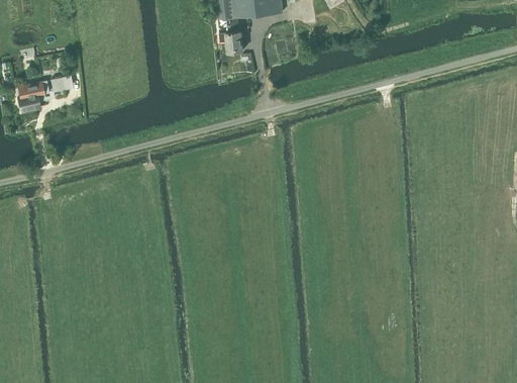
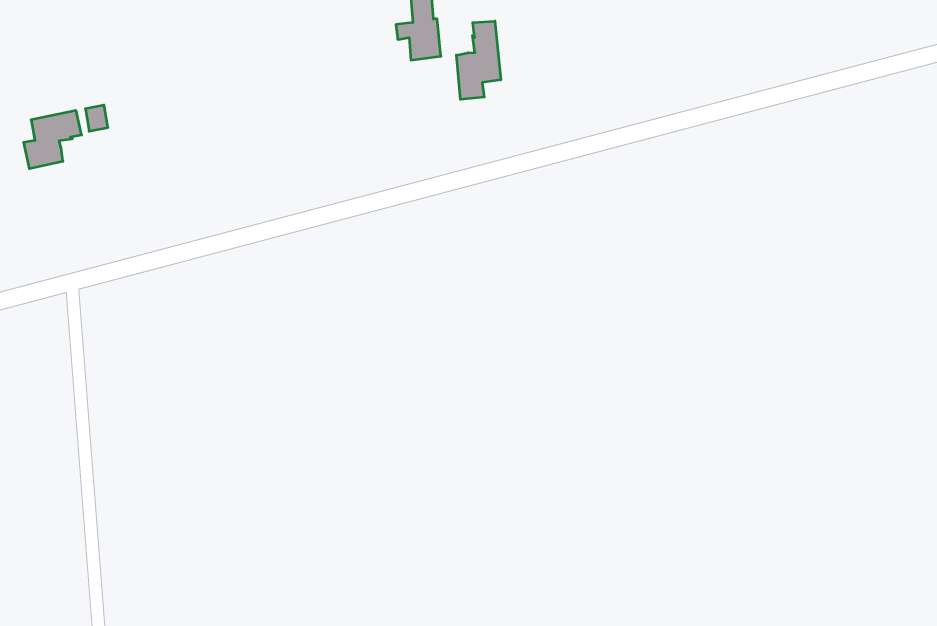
building: none -> [456,21,501,99]

